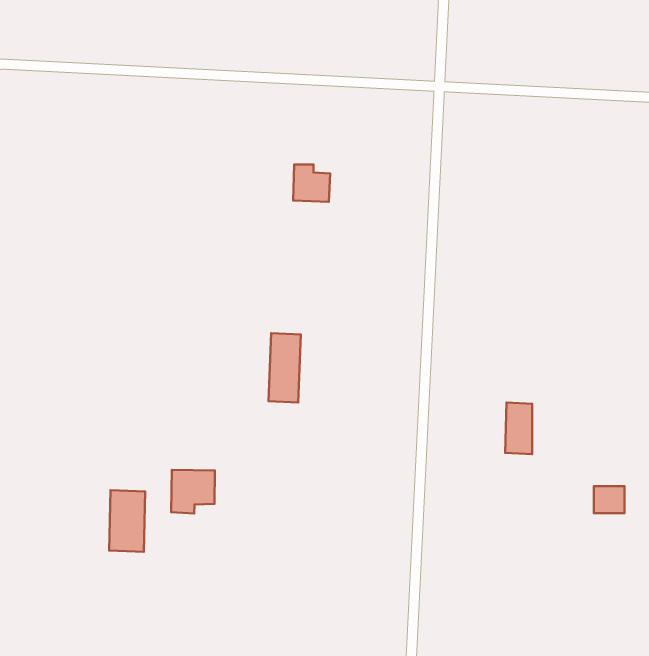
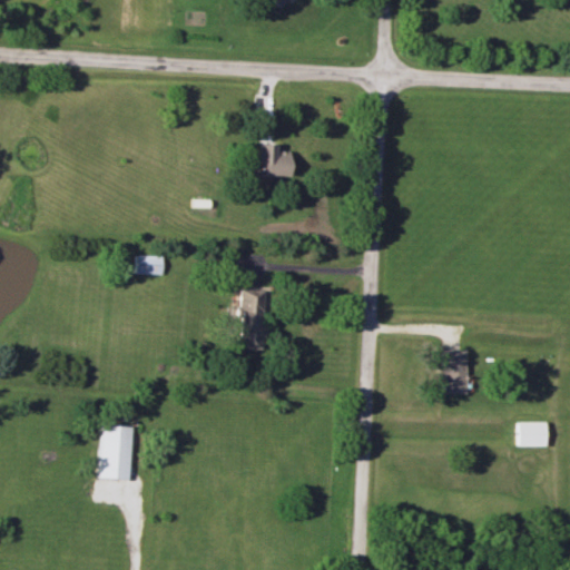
building: none -> [137,255,165,275]
building: [171,470,215,513] -> none

